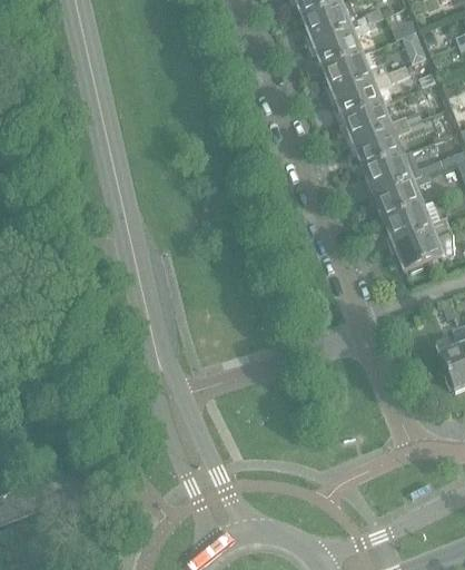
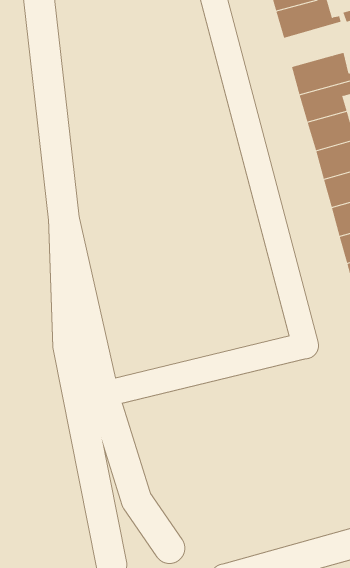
building: [313,21,367,68] -> none

